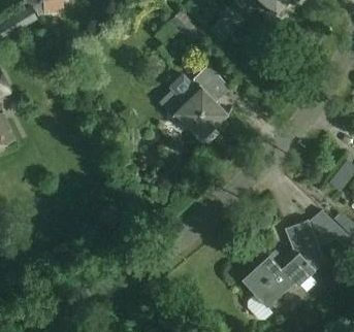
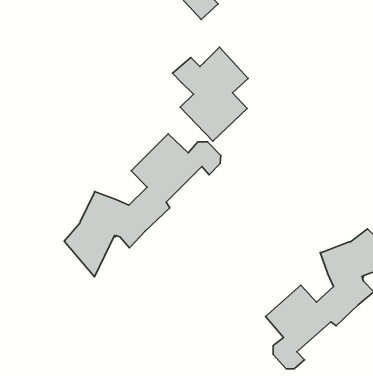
building: none -> [64,134,221,277]

